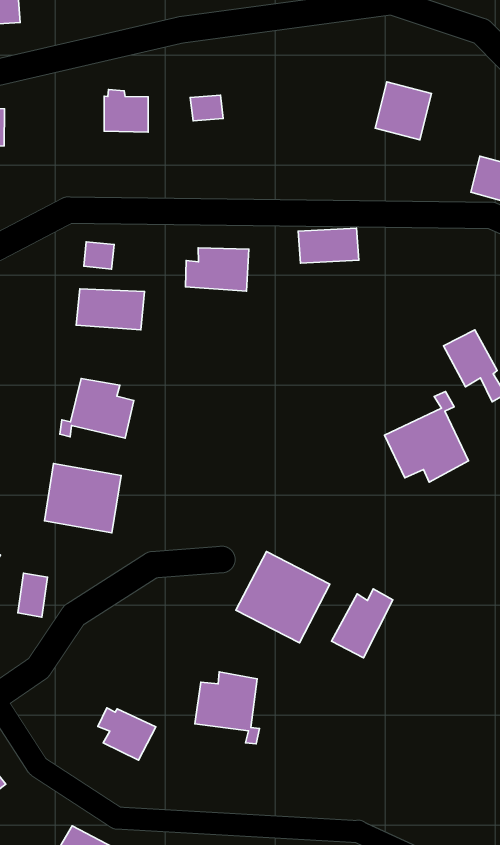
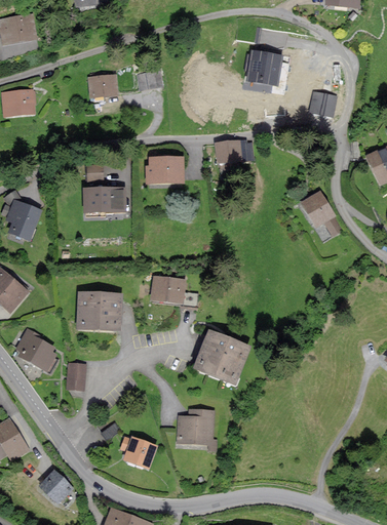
building: [60,378,134,438] -> none
building: [385,392,468,482] -> none
building: none -> [152,280,184,305]
building: [332,589,393,658] -> none

